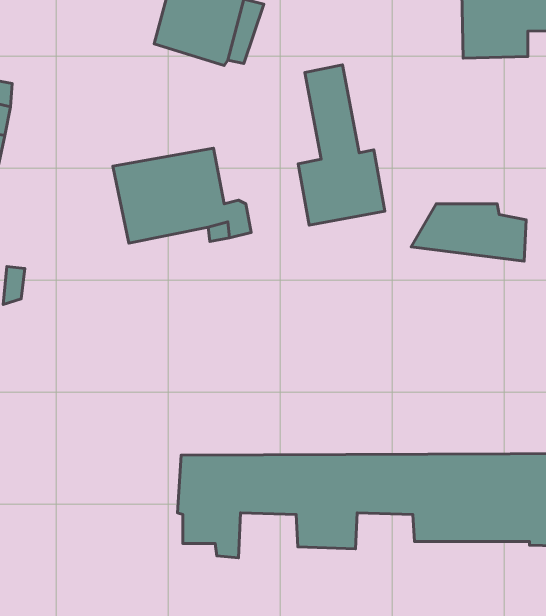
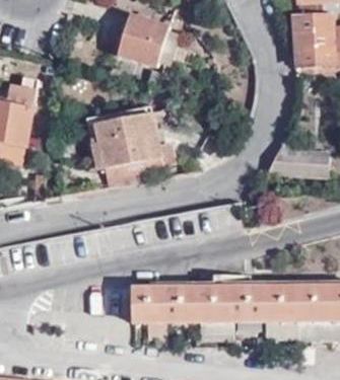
building: [298,65,385,225] -> none

